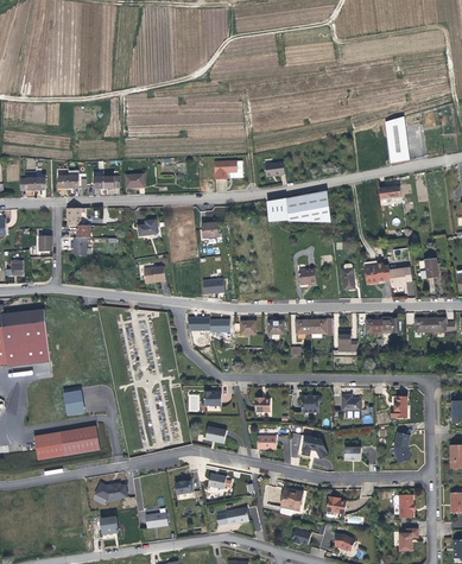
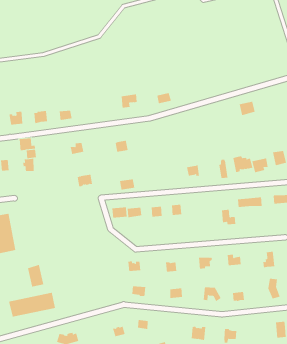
building: [385,116,413,164] -> none
building: [286,190,329,221] -> none
building: [295,318,333,335] -> none

